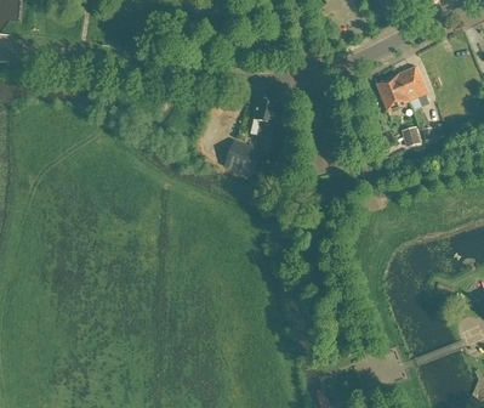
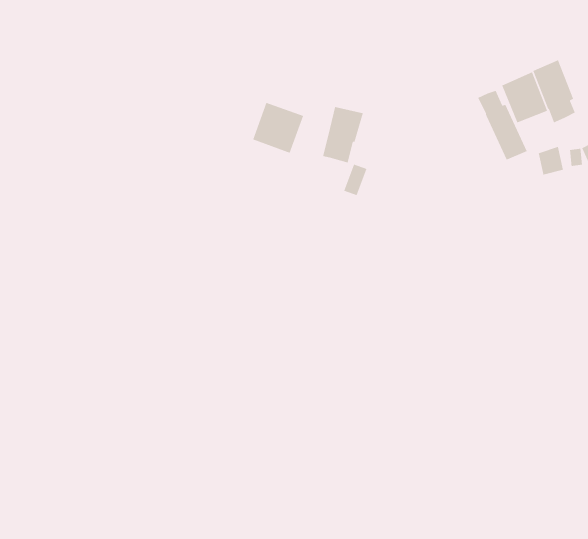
building: none -> [477,90,528,161]
building: [224,140,261,176] -> [252,102,304,154]

